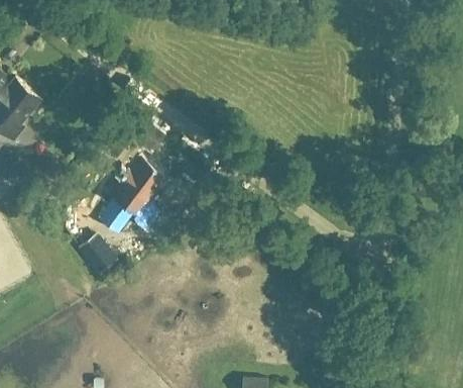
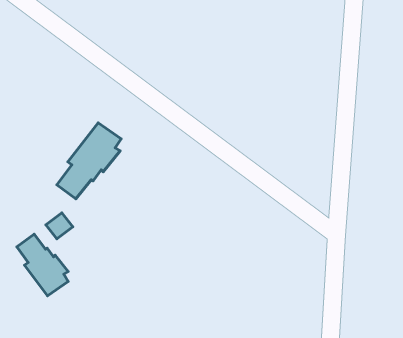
building: none -> [17,234,68,296]

